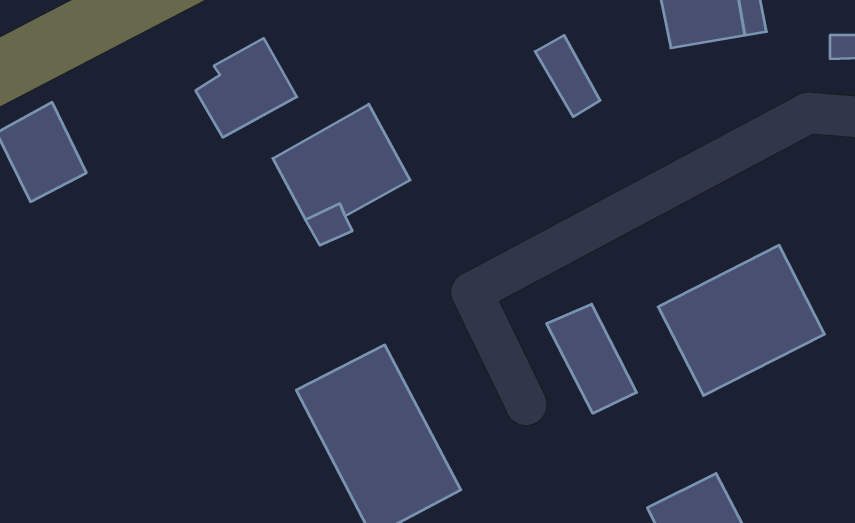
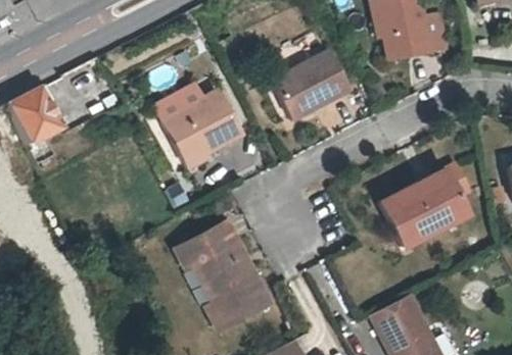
building: [196,38,297,137] -> none
building: none -> [273,57,332,114]
building: [547,304,637,413] -> none

